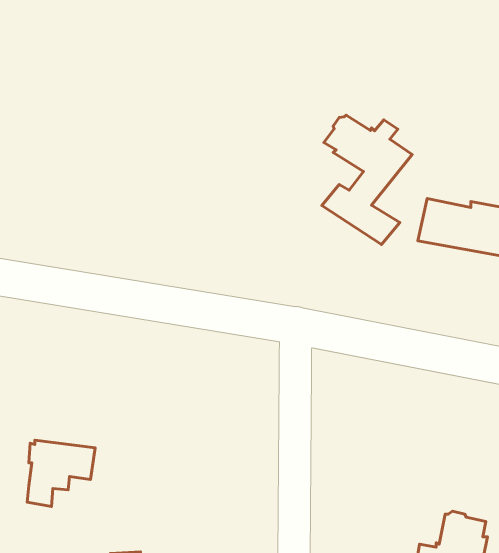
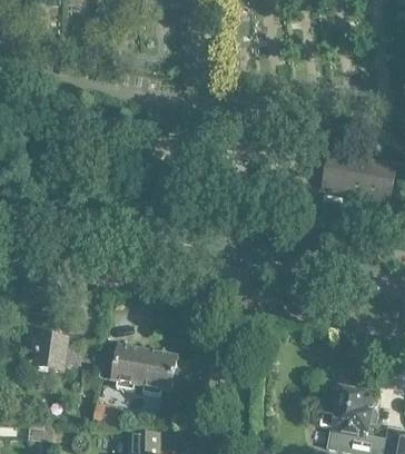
building: [322,115,412,244] -> none
building: none -> [98,346,176,389]

